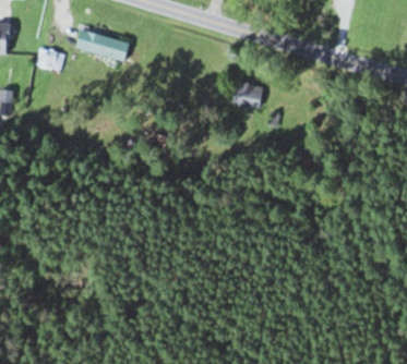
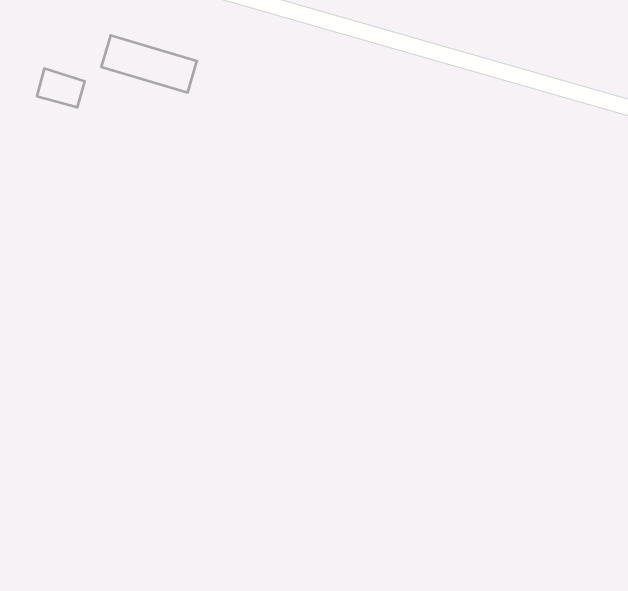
building: [232,82,263,107] -> none

